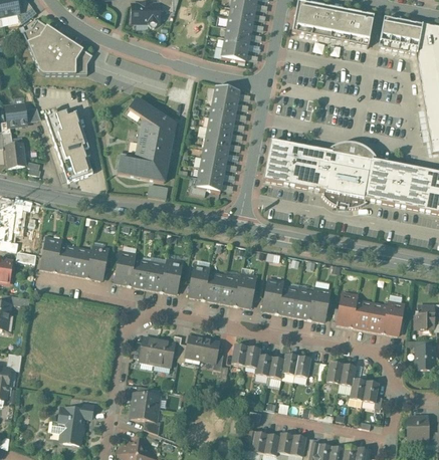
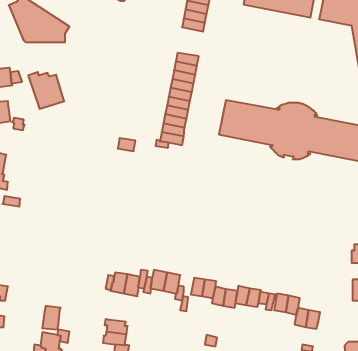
building: [117,97,175,181] -> none
building: [58,142,93,181] -> none
building: [40,236,108,278] -> none
building: [115,250,182,292] -> none
building: [189,264,256,306] -> none
building: [262,278,330,320] -> none
building: [337,291,404,334] -> none
building: none -> [42,306,60,330]

